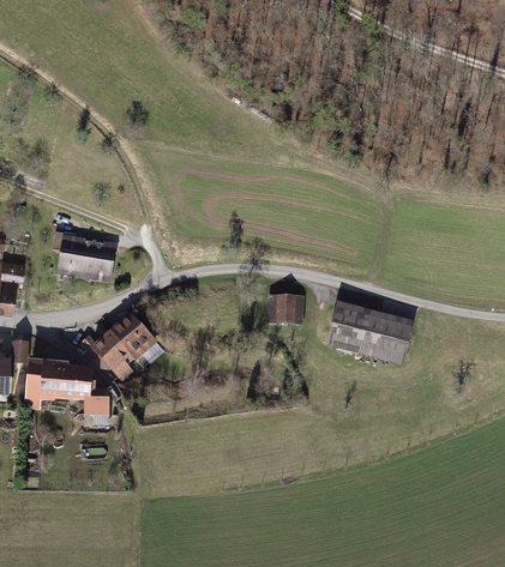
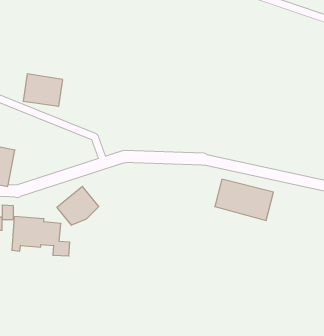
building: [58,234,116,282] -> [23,74,63,106]
building: [265,295,293,324] -> none

